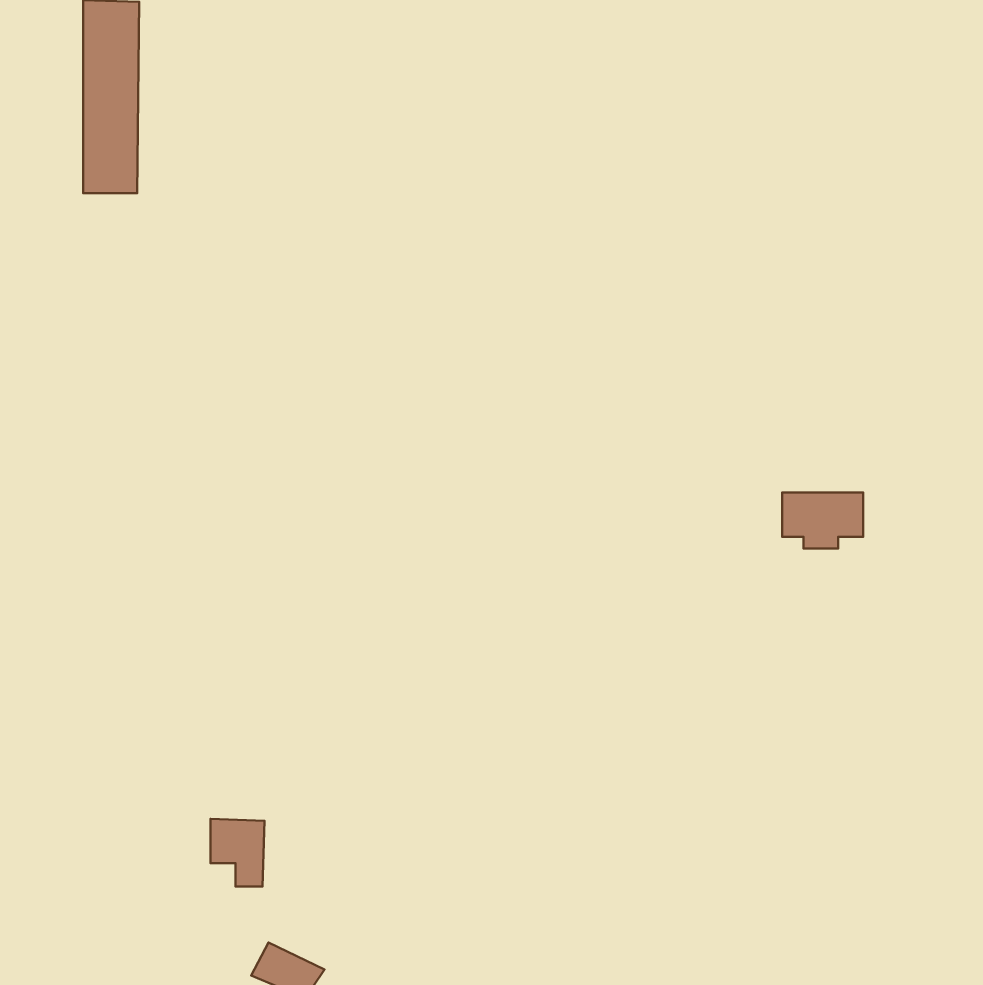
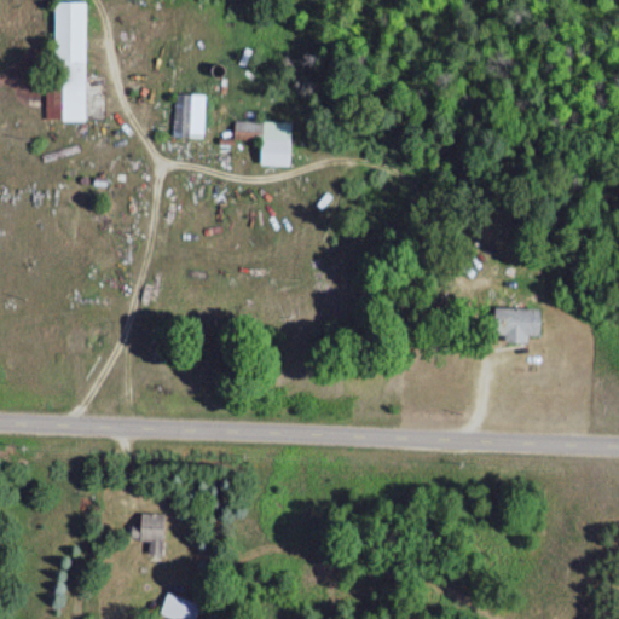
building: none -> [175,94,206,138]
building: none -> [233,122,290,167]

